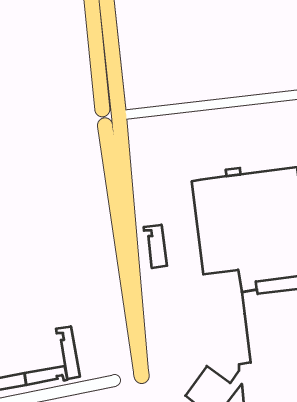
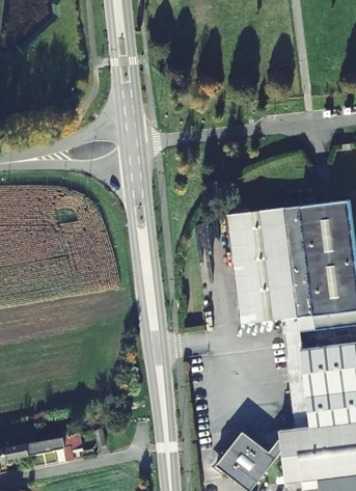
building: [144,225,167,268] -> none
building: [56,326,80,379] -> none

